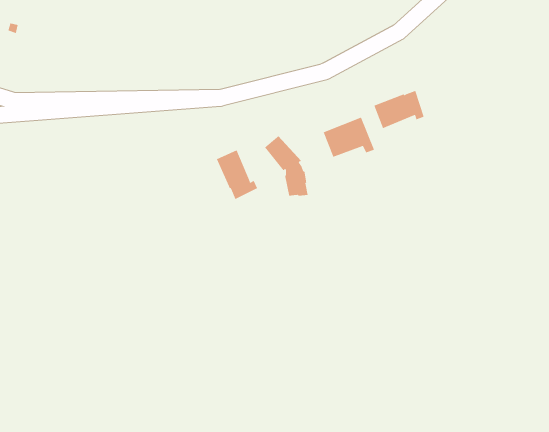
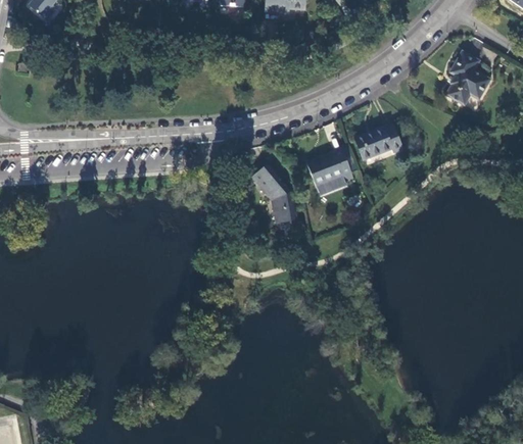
building: none -> [446,54,489,106]
building: [216,150,258,200] -> none

